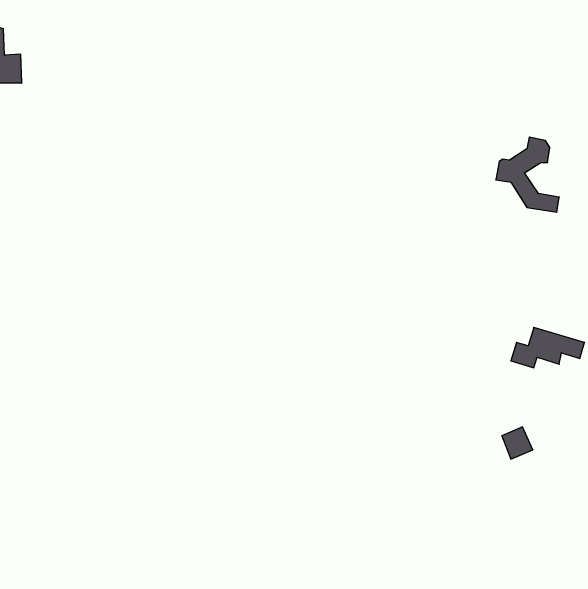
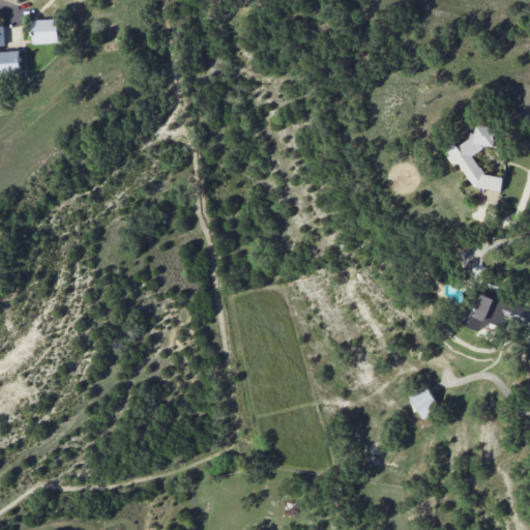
building: none -> [31,19,58,43]
building: [502,427,533,459] -> [411,389,439,418]

